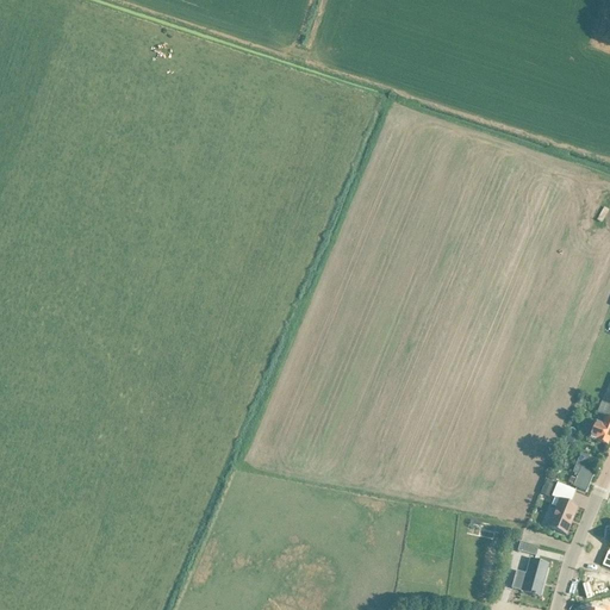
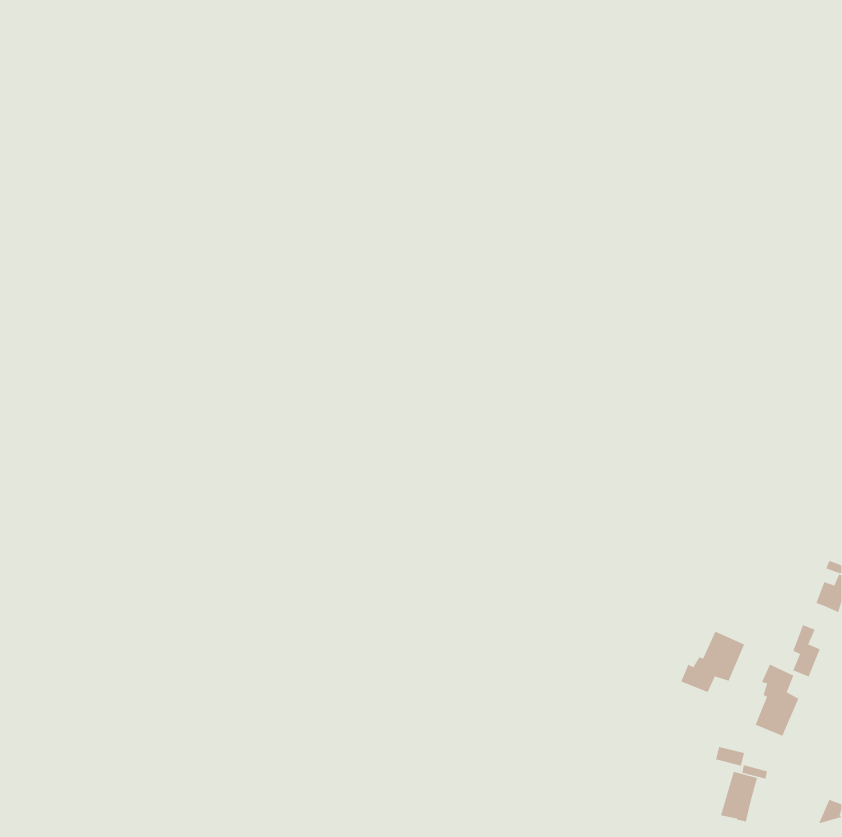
building: none -> [681,631,745,693]

